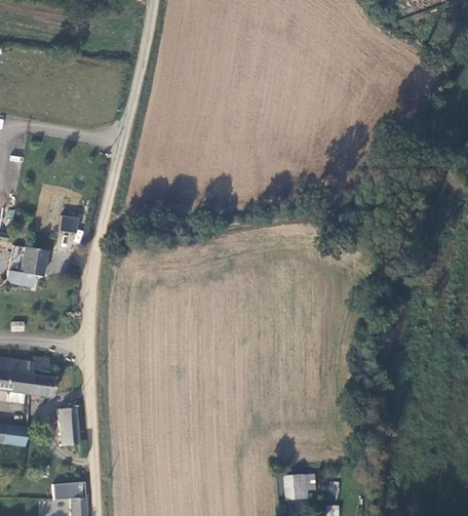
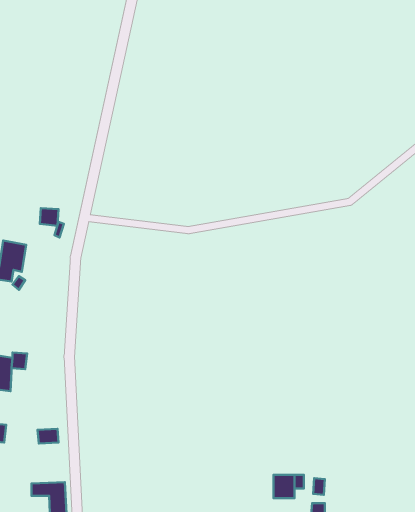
building: [31,374,53,397] -> none
building: [56,406,77,432] -> none

